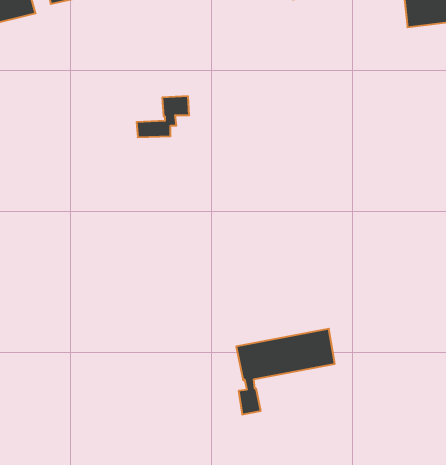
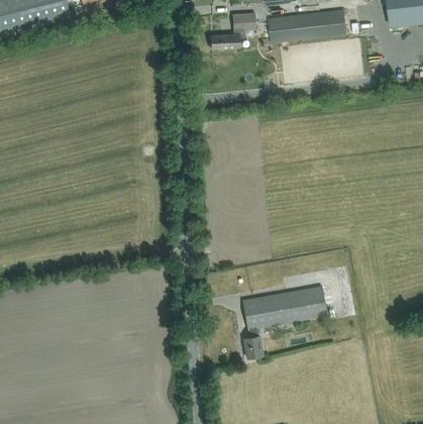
building: none -> [269,10,346,42]
building: [137,96,189,137] -> [211,13,256,48]

